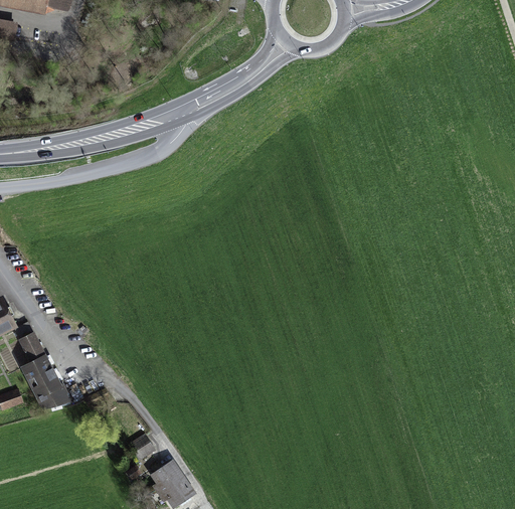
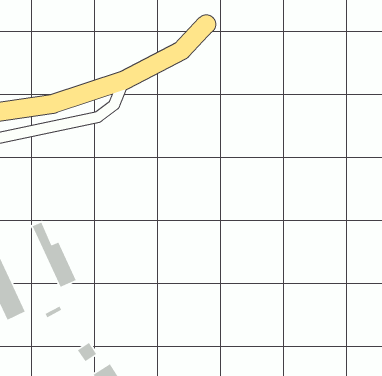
building: none -> [32,222,77,288]

